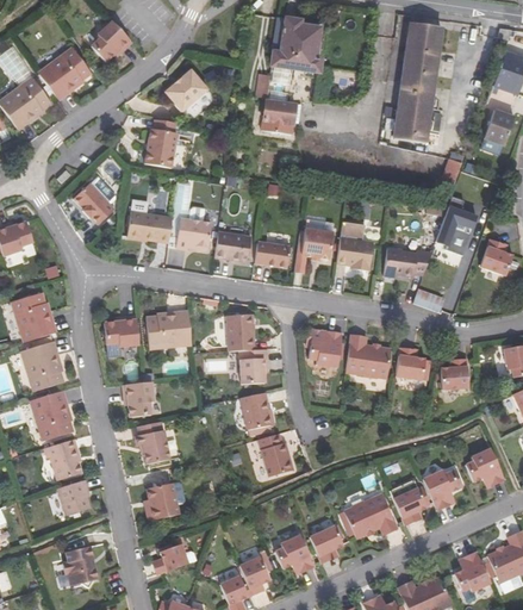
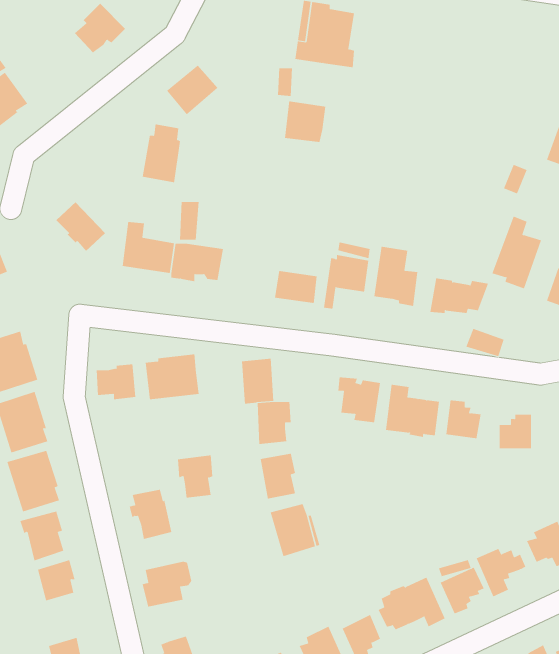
building: [393,24,442,143] -> none
building: [37,46,91,99] -> none
building: [214,231,250,262] -> none
building: [123,381,152,417] -> [177,455,213,498]

